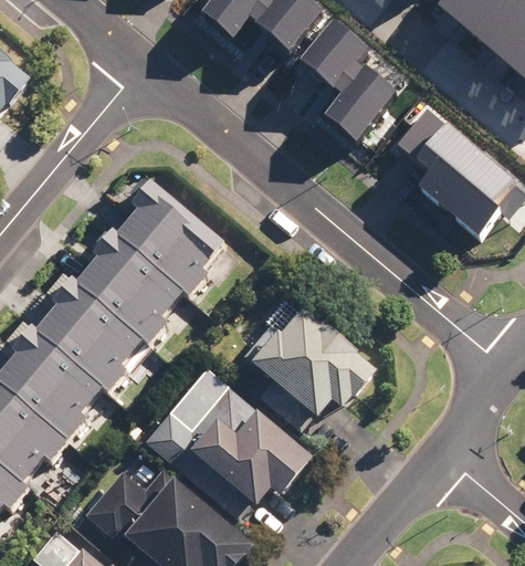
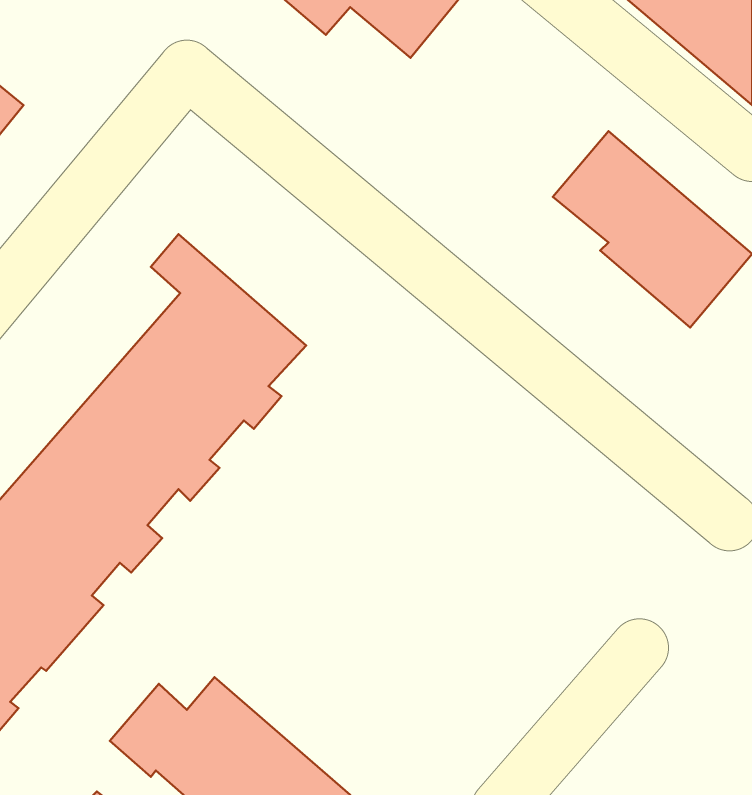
building: [303,17,400,139] -> none
building: [241,295,375,433] -> none
building: [144,366,311,525] -> none

